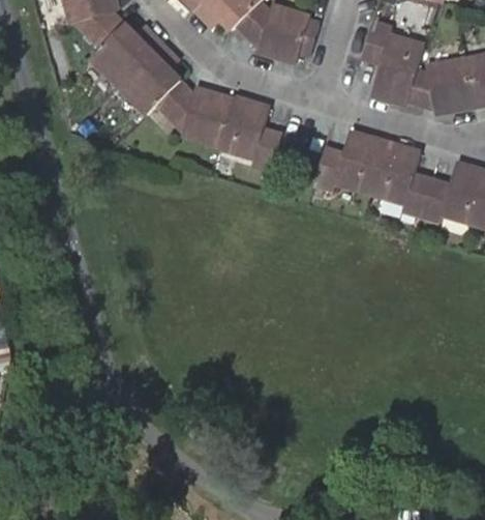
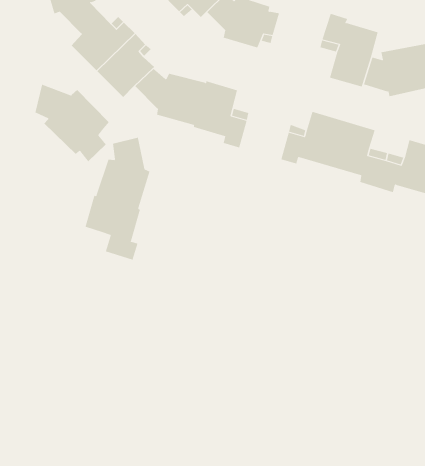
building: none -> [35,84,109,162]
building: none -> [85,137,150,260]

